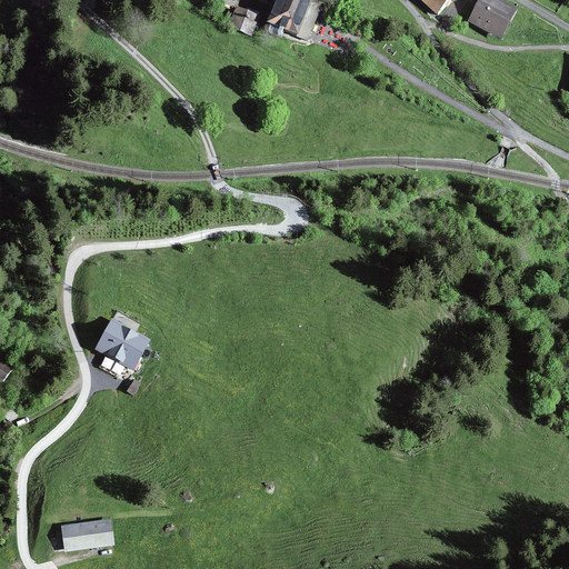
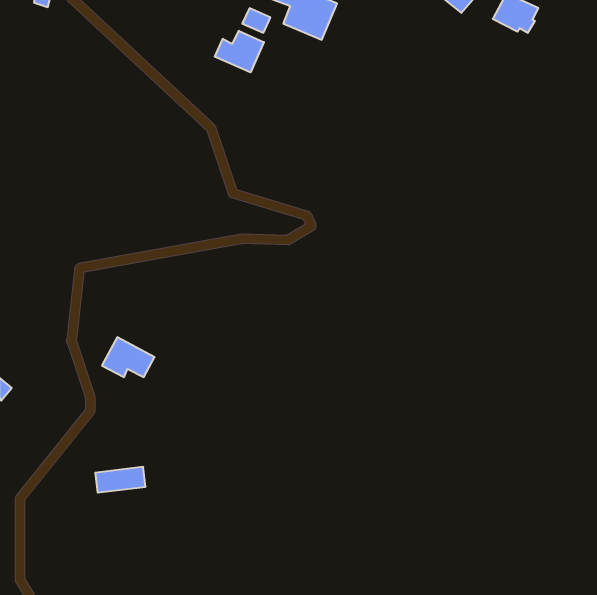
building: none -> [215,31,264,72]
building: [63,521,111,546] -> [95,467,146,493]

